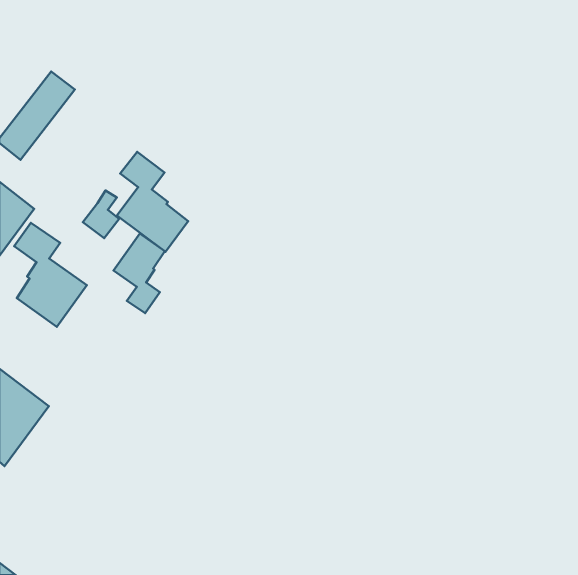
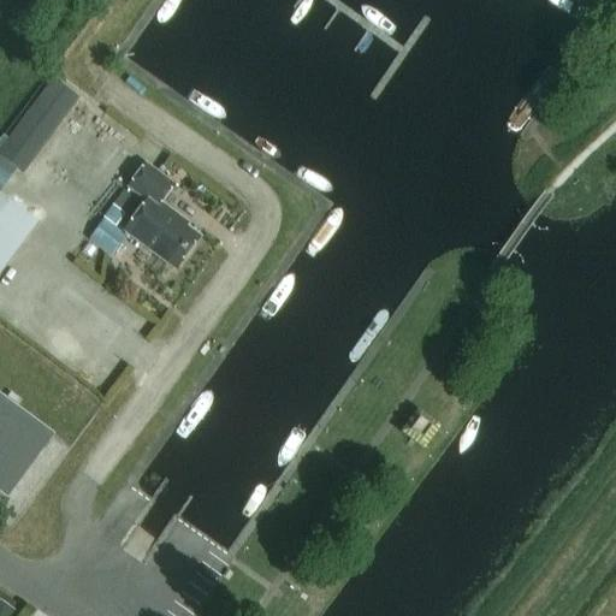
building: [14,223,87,327] -> none
building: [113,233,165,313] -> none

